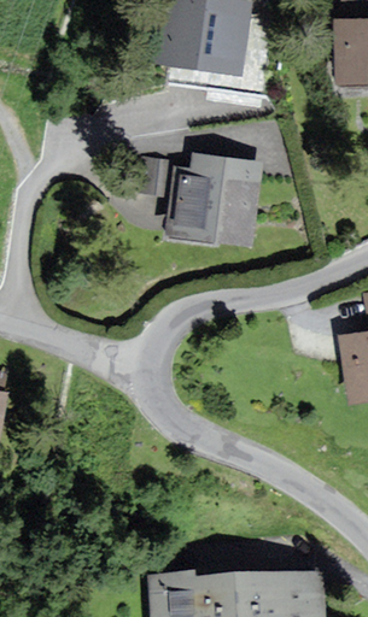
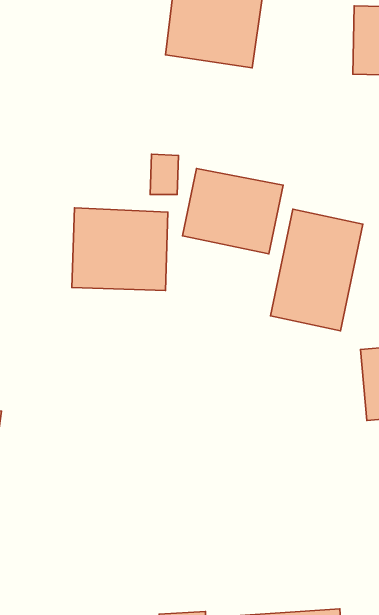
building: none -> [72,208,168,290]
building: none -> [270,209,363,331]

